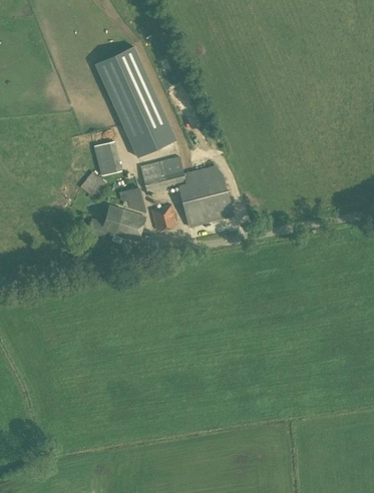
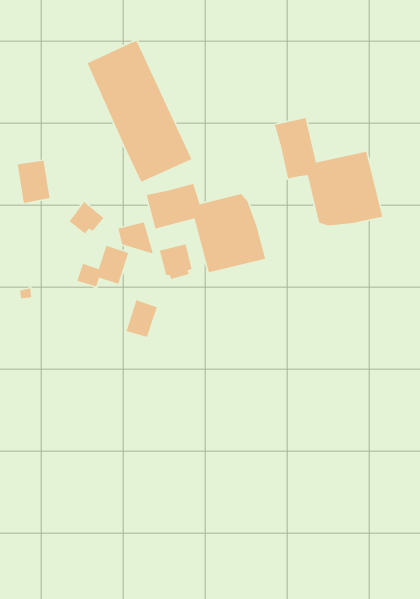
building: none -> [274,117,383,226]
building: [95,141,121,175] -> [17,160,50,204]
building: [119,211,144,241] -> [126,299,158,338]

